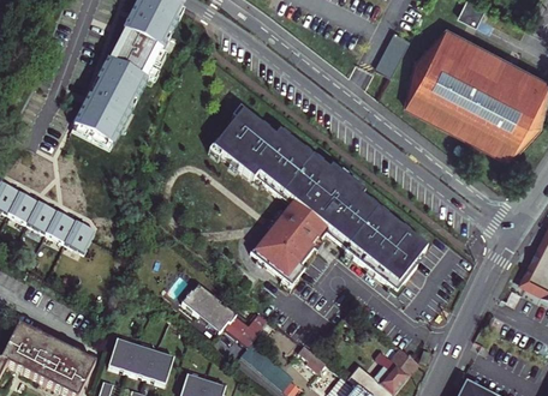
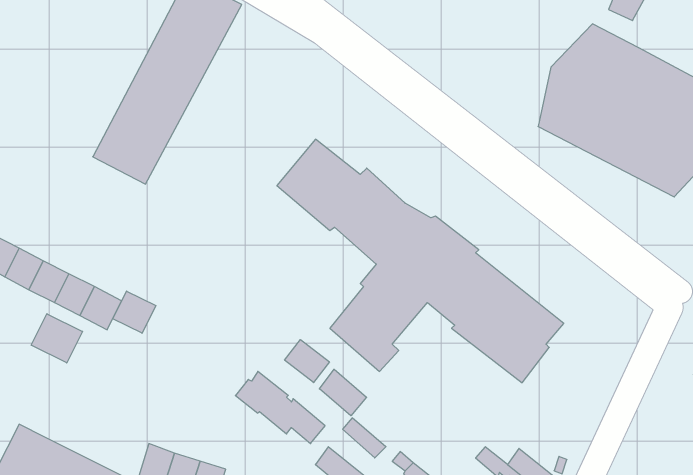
building: [377,29,411,73] -> none
building: none -> [113,291,156,333]
building: none -> [31,314,83,363]
building: none -> [285,340,329,383]
building: none -> [319,369,367,416]

